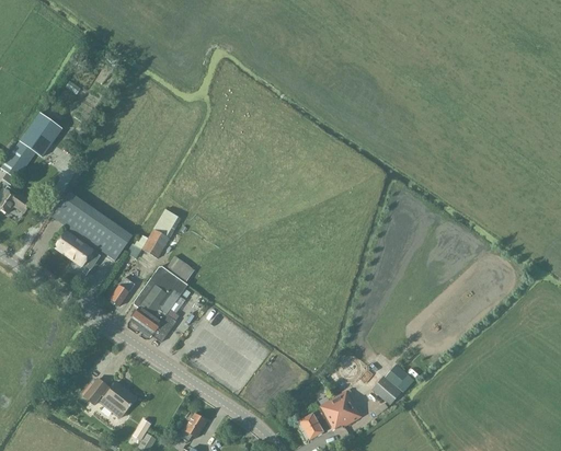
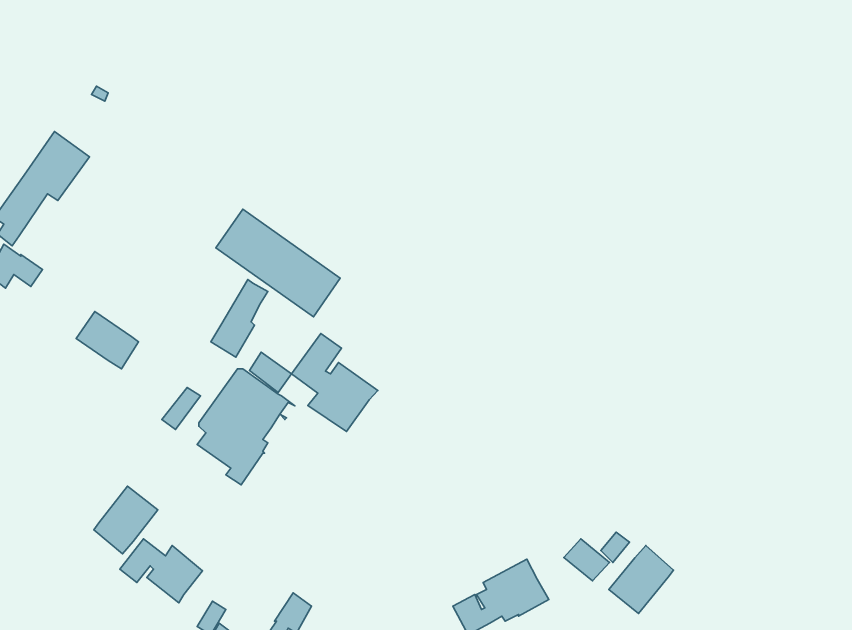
building: [50,192,131,262] -> [216,209,340,317]
building: none -> [291,334,378,431]
building: none -> [94,486,158,554]
building: none -> [609,546,674,614]

